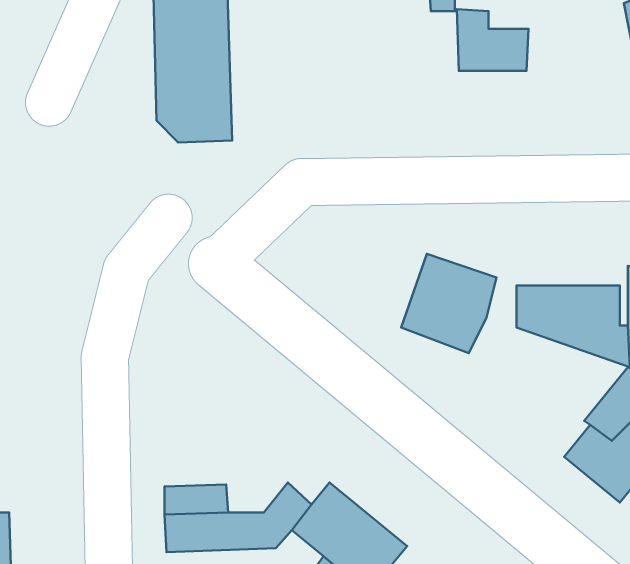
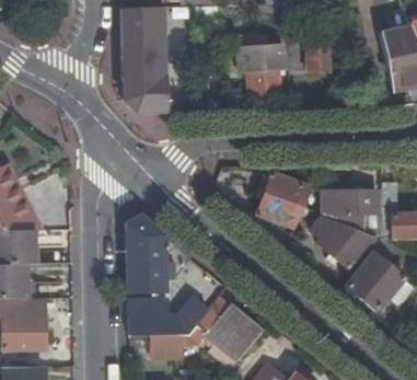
building: none -> [239,46,285,94]
building: none -> [311,215,377,268]
building: none -> [126,217,190,292]

